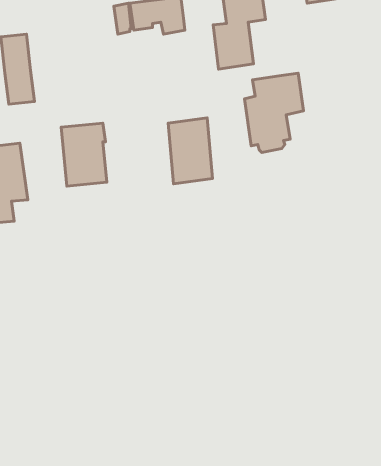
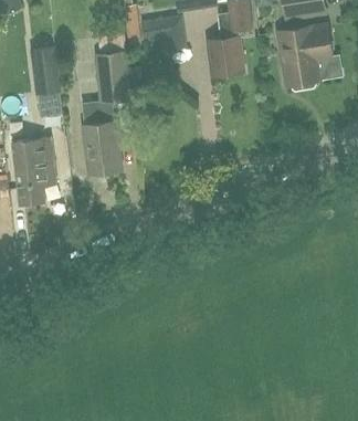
building: [244,73,303,153] -> [282,24,330,90]
building: [168,118,212,184] -> [95,49,131,103]

